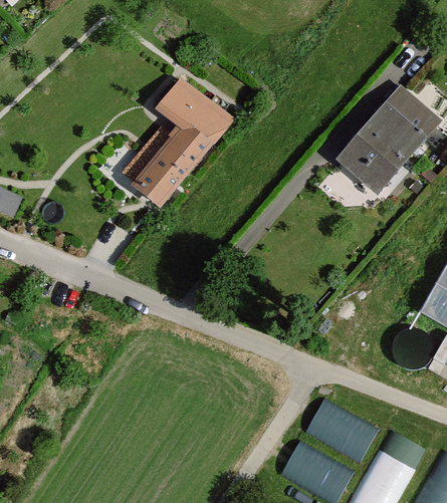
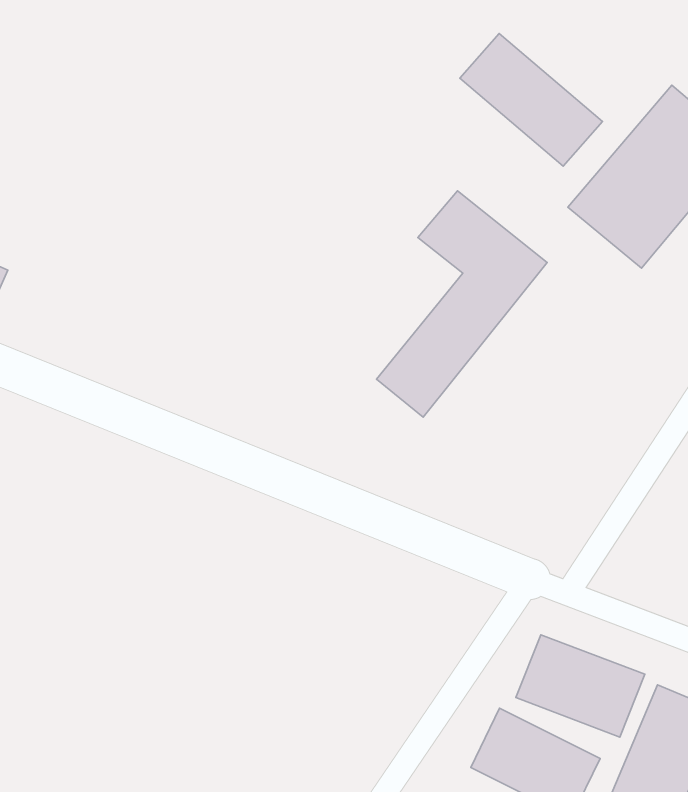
building: none -> [460,34,603,166]
building: [132,81,227,208] -> [377,191,547,417]

